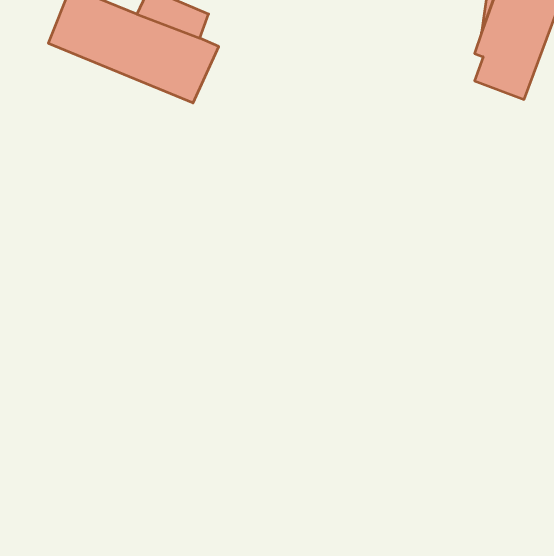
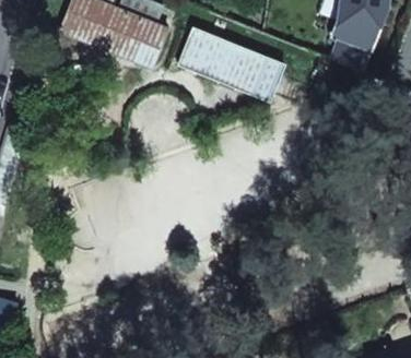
building: none -> [179,28,285,100]

